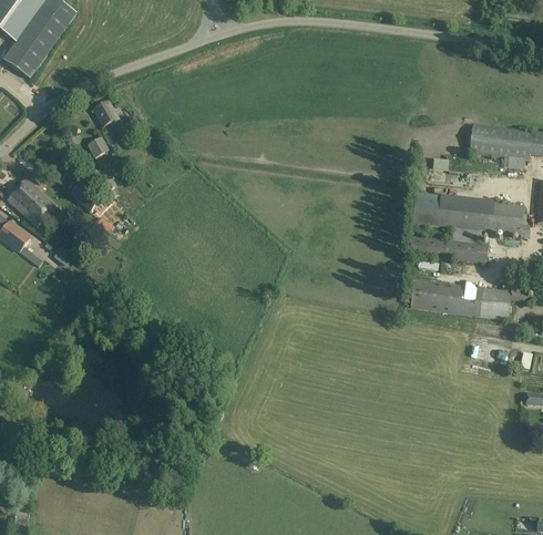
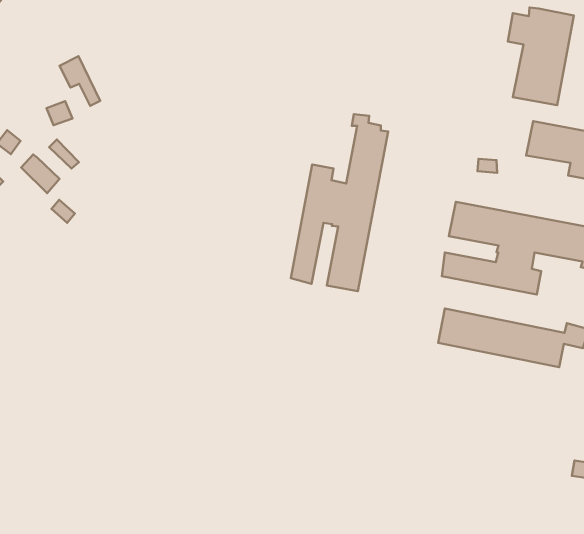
building: none -> [508,8,574,105]
building: none -> [291,114,388,291]

